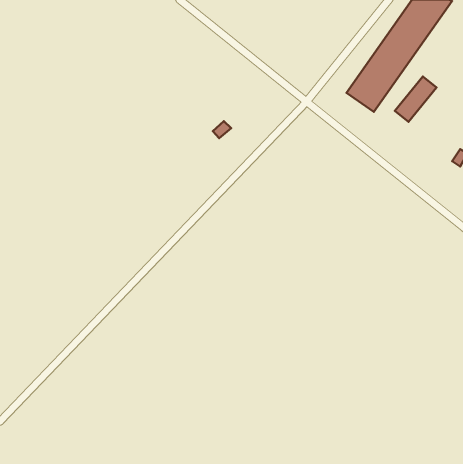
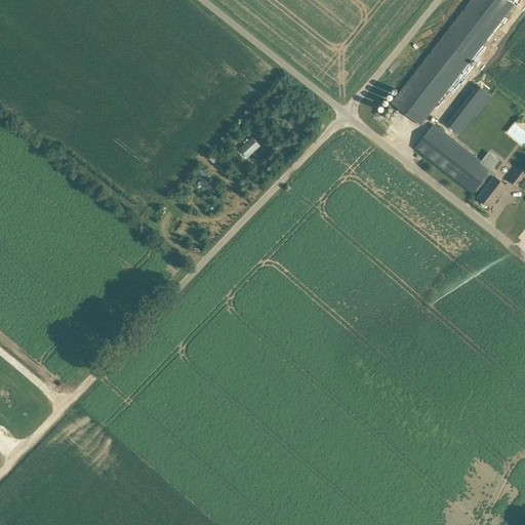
building: none -> [419,128,509,205]

